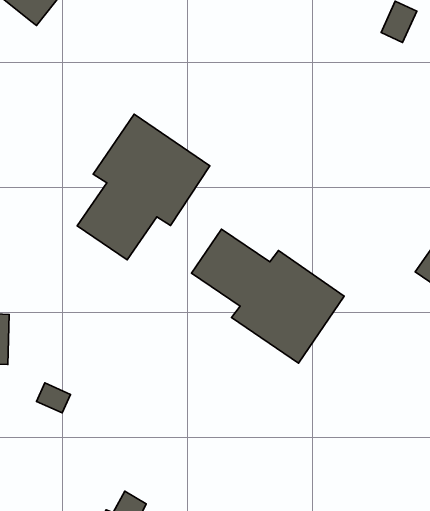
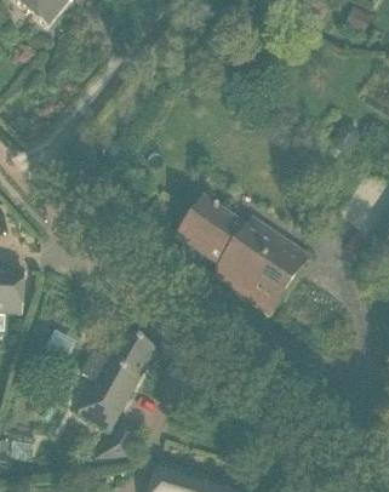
building: [77,114,210,260] -> none
building: none -> [75,331,155,433]

